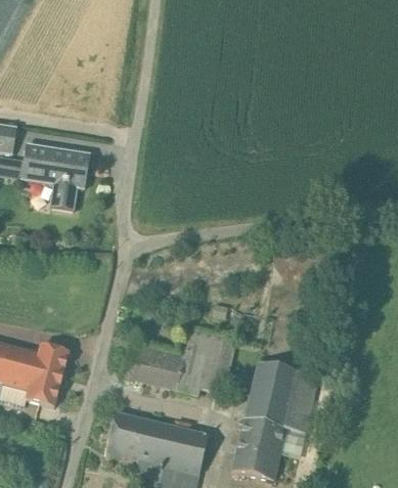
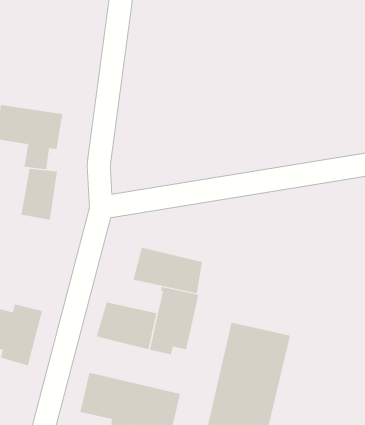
building: none -> [21,168,58,220]
building: none -> [133,247,202,294]

